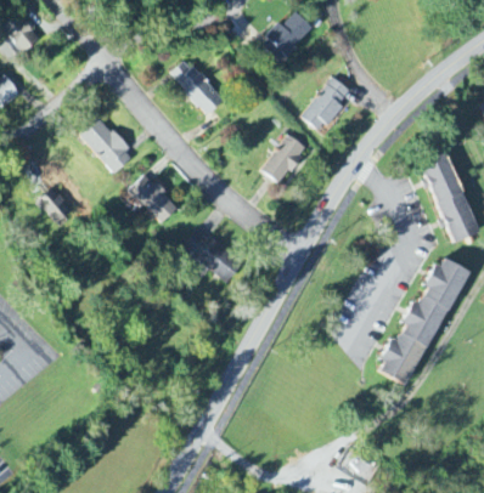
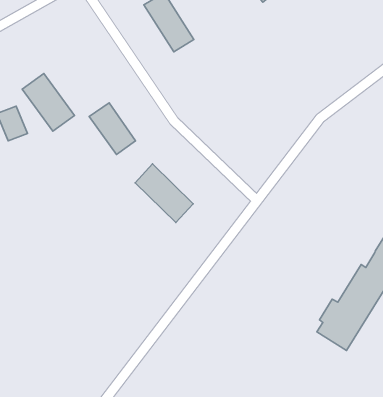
building: [300,78,350,131] -> none
building: [79,118,134,174] -> [22,73,75,131]
building: [263,135,305,183] -> none

